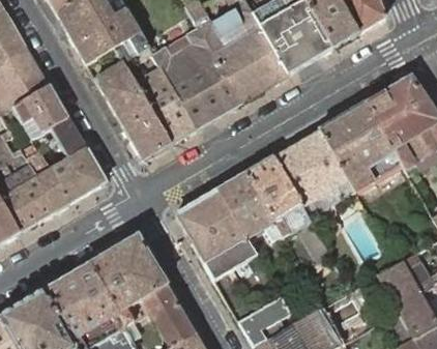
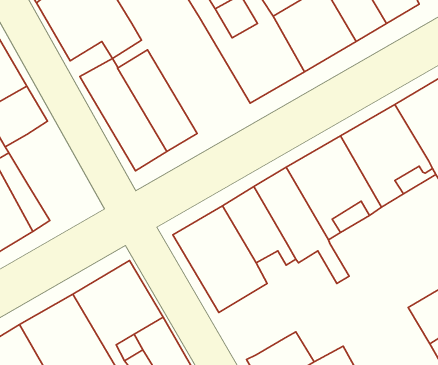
building: [153,27,241,126] -> none
building: [50,116,106,201] -> none

